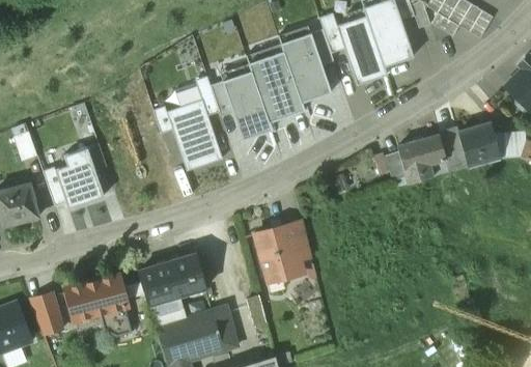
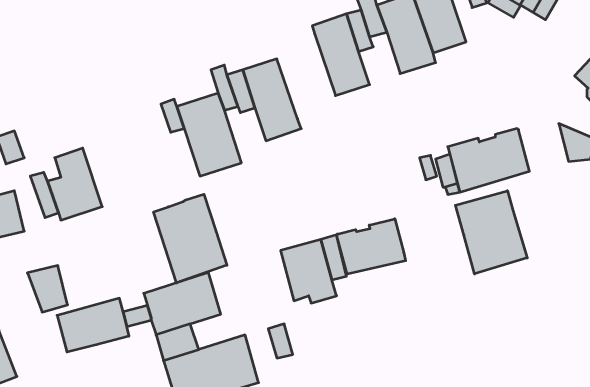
building: [250,51,304,122] -> none
building: [457,122,500,167] -> none
building: none -> [455,191,527,274]
building: none -> [154,194,227,283]
building: none -> [337,219,406,274]
building: [29,294,63,334] -> [27,266,68,312]
building: [99,307,132,337] -> none

